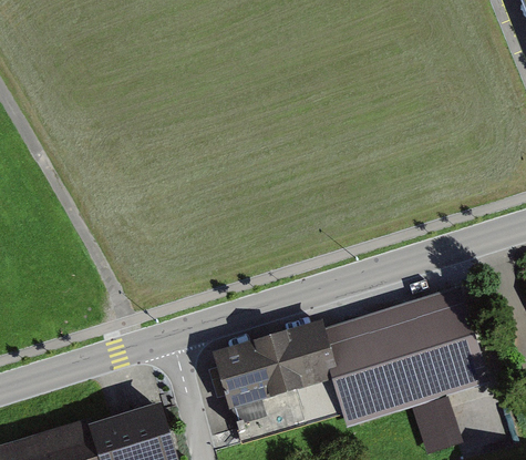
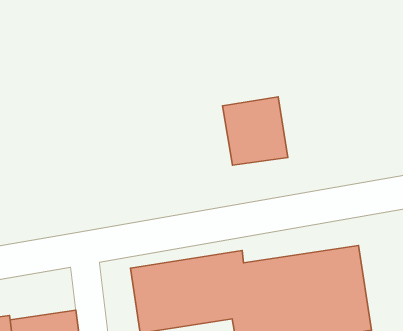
building: none -> [223,97,288,165]

